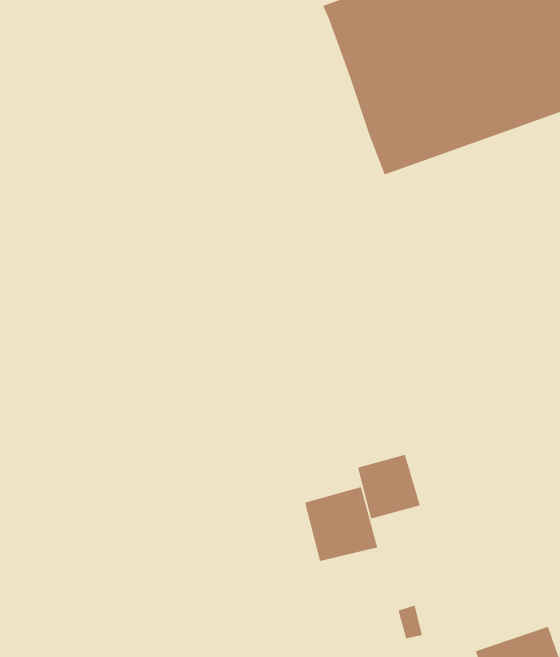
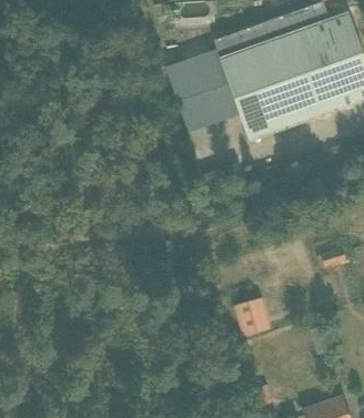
building: none -> [165,48,241,132]
building: [304,486,378,562] -> none

